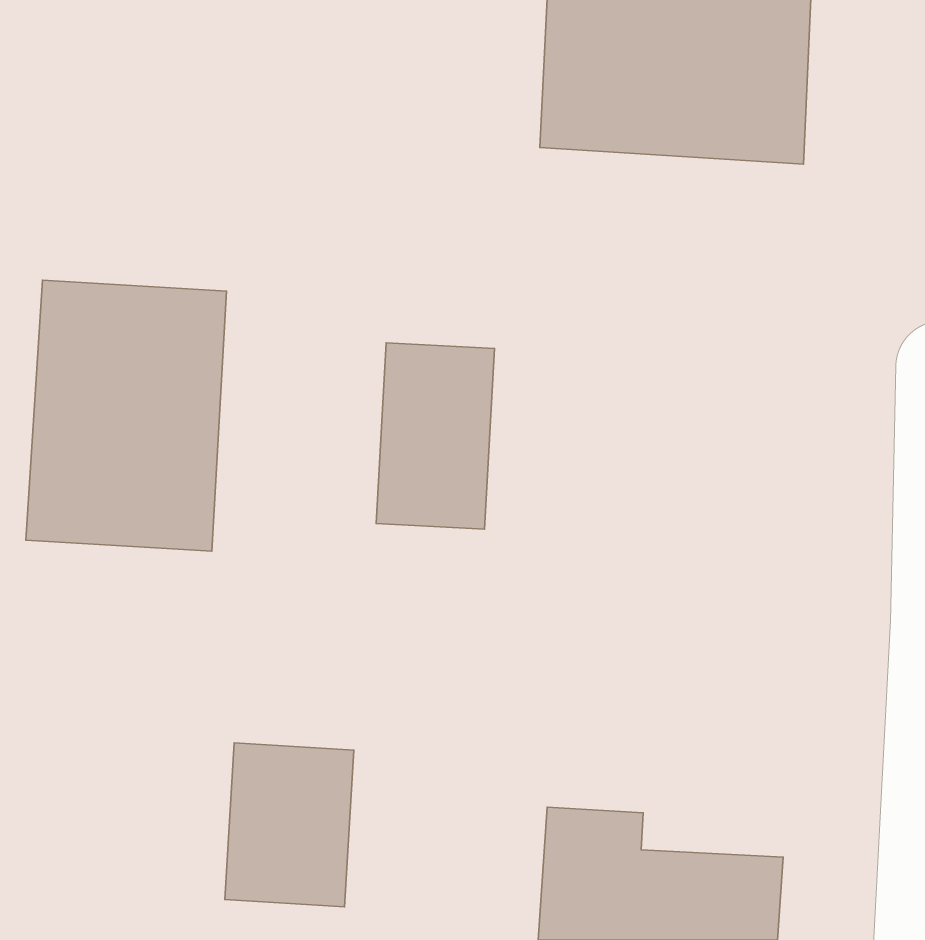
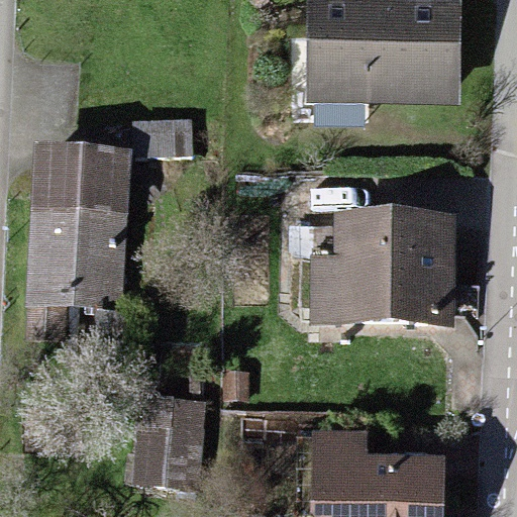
building: [376,343,494,529] -> none
building: none -> [311,223,461,318]

